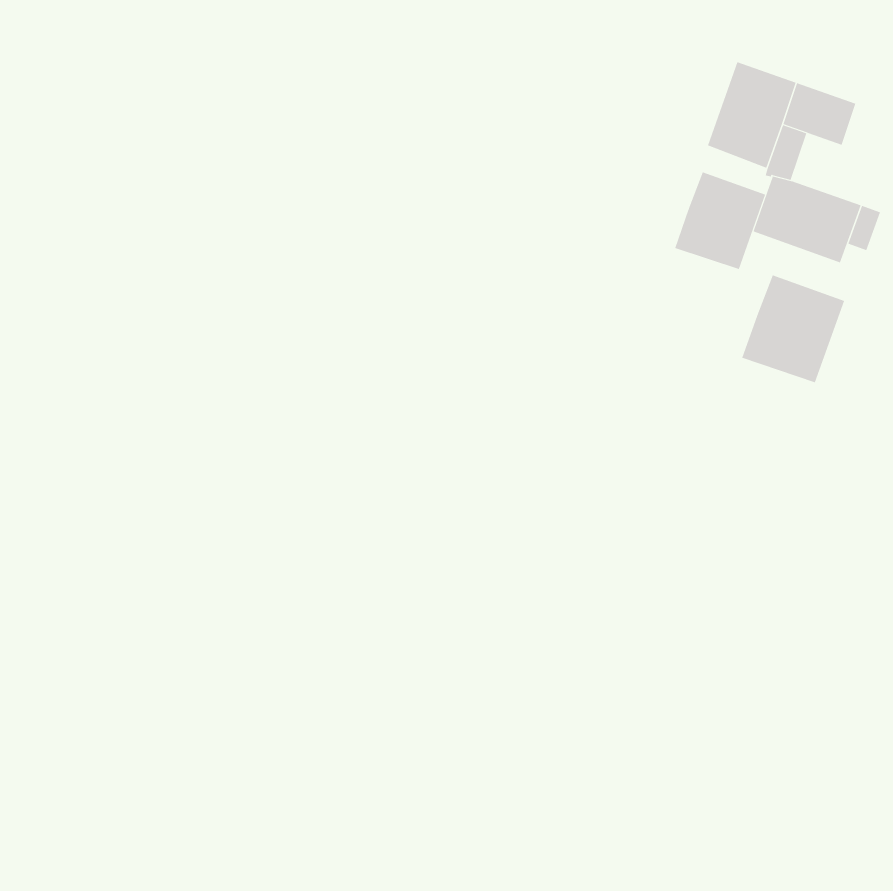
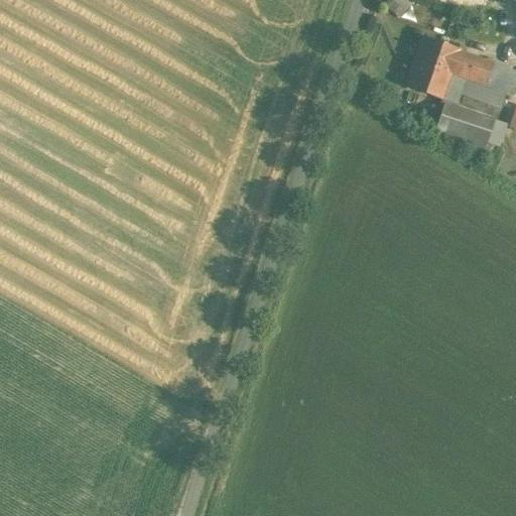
building: [674,171,766,270] -> none
building: [742,275,845,383] -> none

